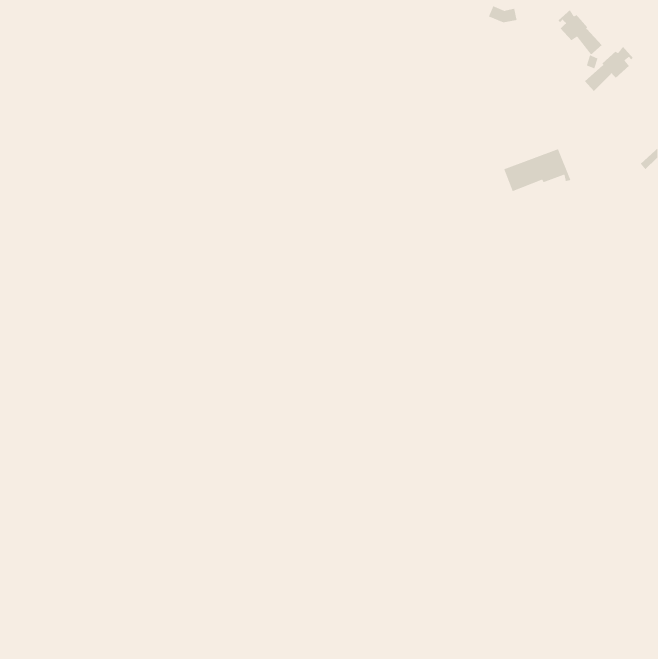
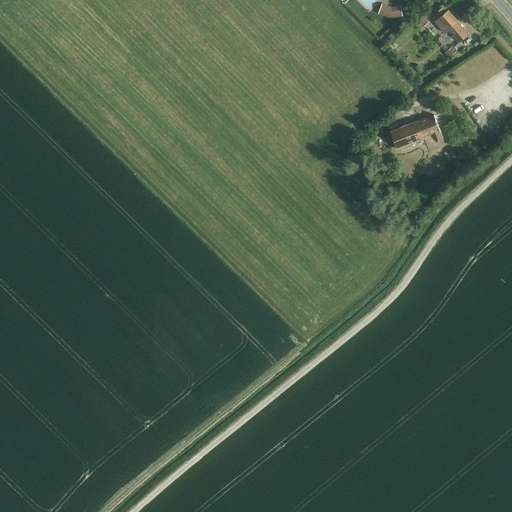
building: [584,46,634,92] -> none

